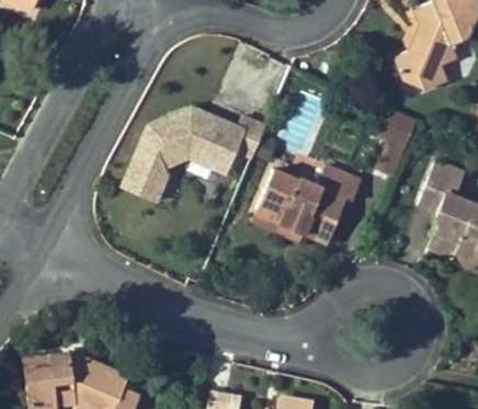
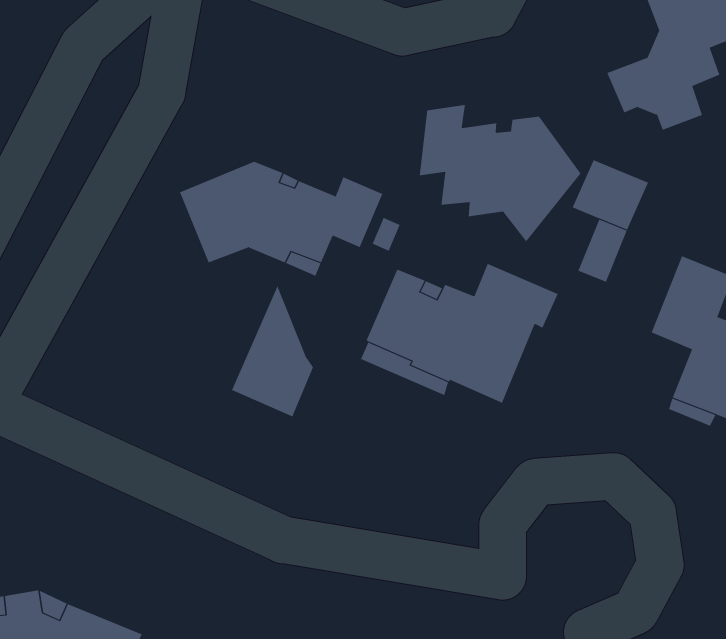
building: none -> [419,104,581,242]
building: [123,125,170,201] -> [231,285,314,417]

